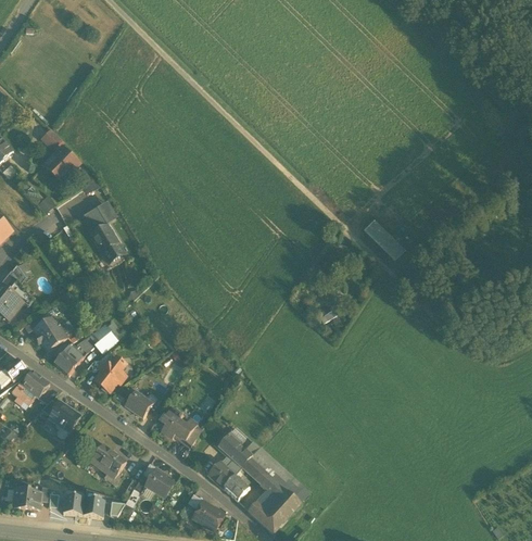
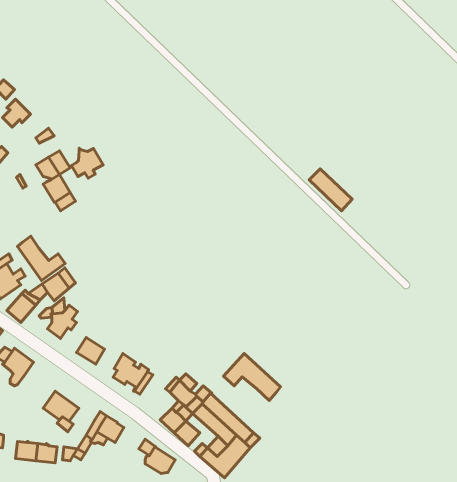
building: none -> [71,148,103,178]
building: none -> [17,236,65,281]
building: none -> [223,353,281,401]

